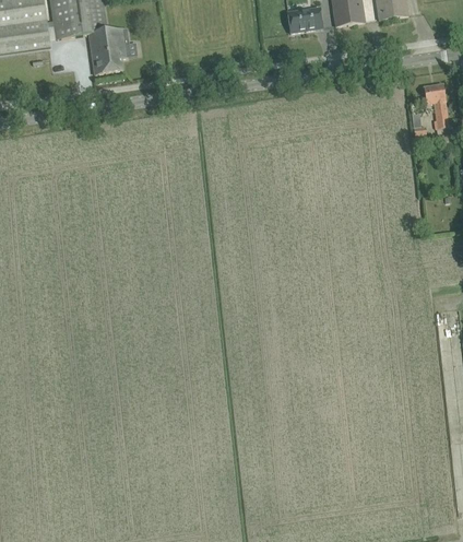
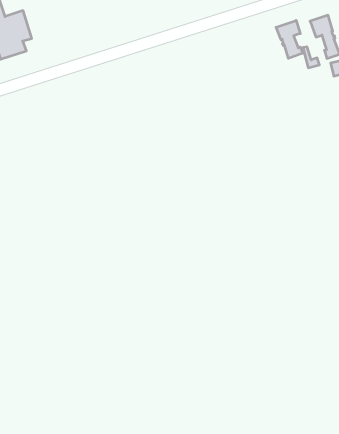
building: none -> [276,20,303,58]

